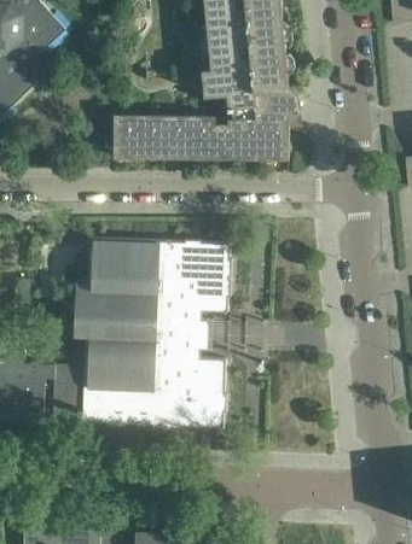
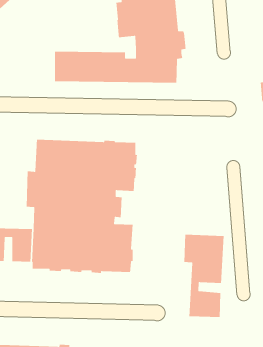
building: none -> [183,234,224,318]

